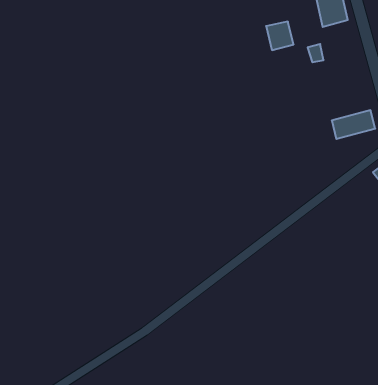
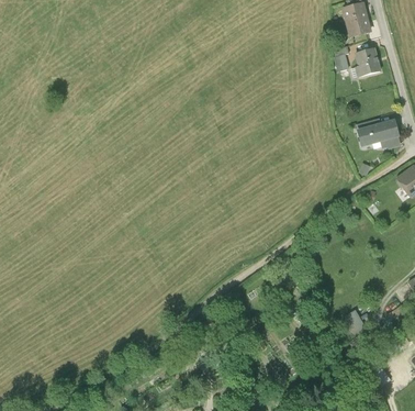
building: [266,22,294,50] -> [355,47,381,75]

